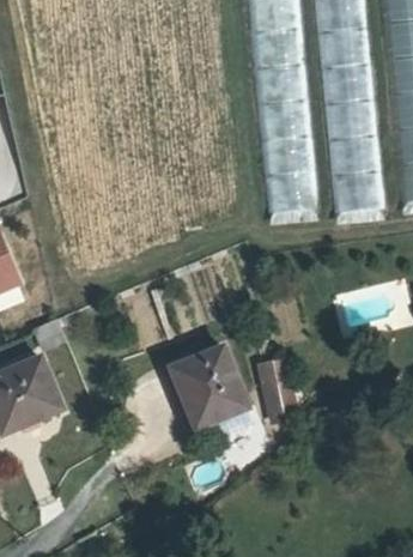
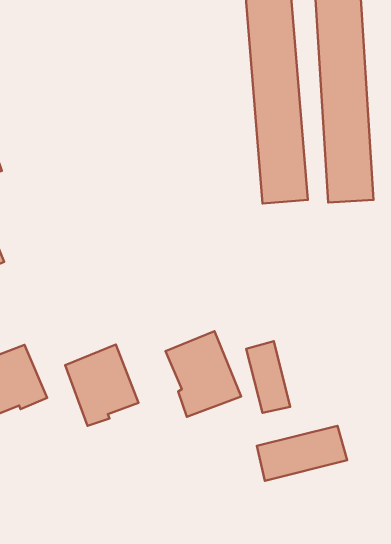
building: none -> [65,345,139,426]
building: none -> [257,426,347,481]

